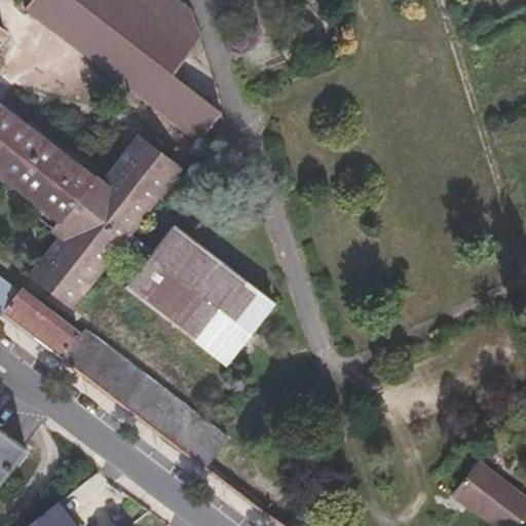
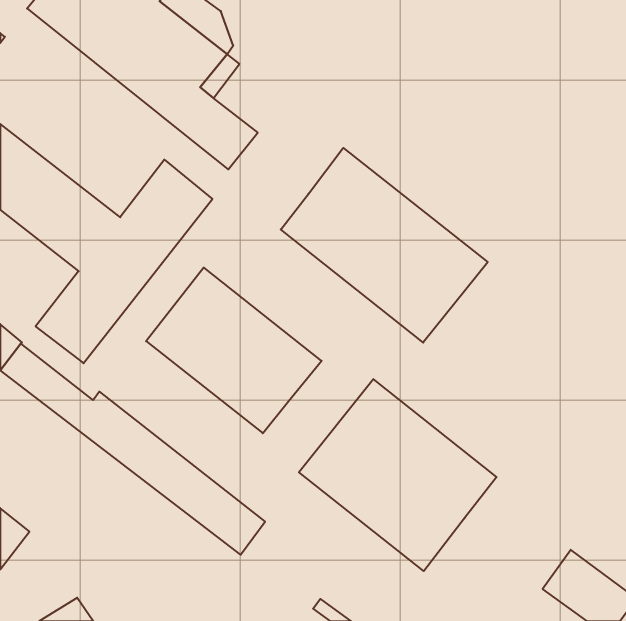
building: none -> [281,148,488,343]
building: none -> [299,379,497,571]

